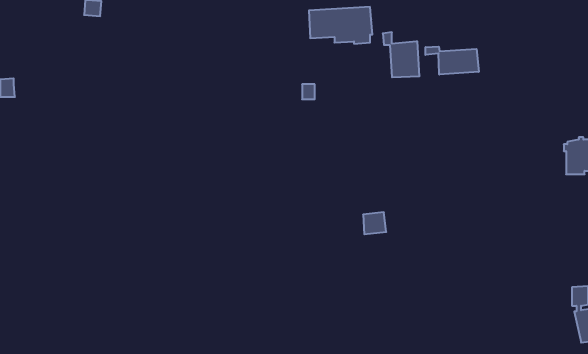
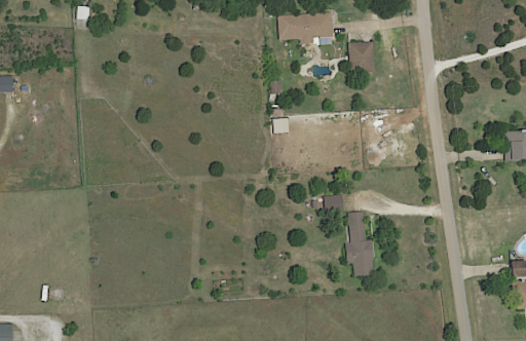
building: [425,47,479,75] -> none
building: none -> [345,210,374,274]

